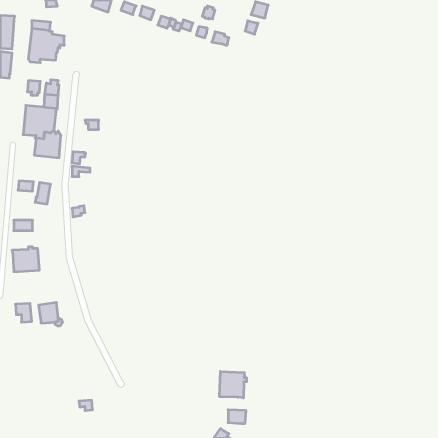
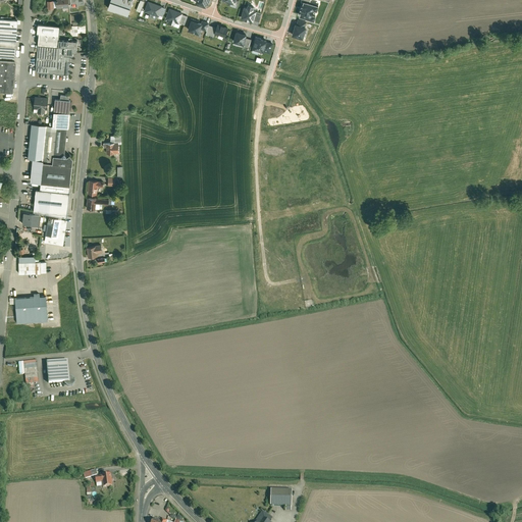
building: none -> [34,185,70,218]
building: [220,371,247,398] -> none

